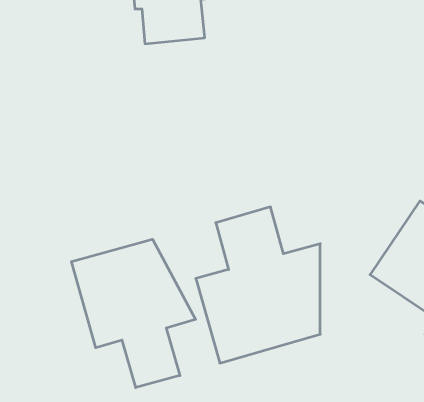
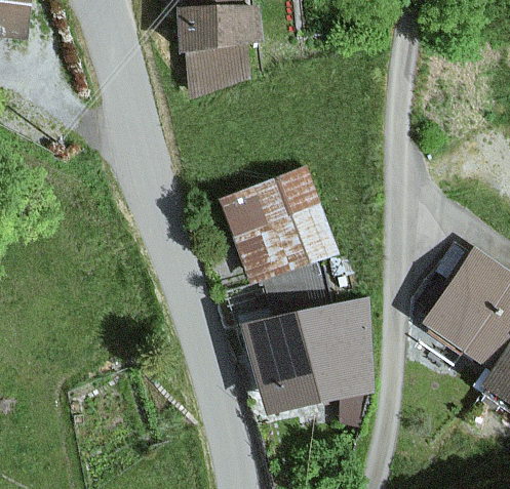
building: none -> [221,168,334,277]
building: [71,239,196,388] -> none

